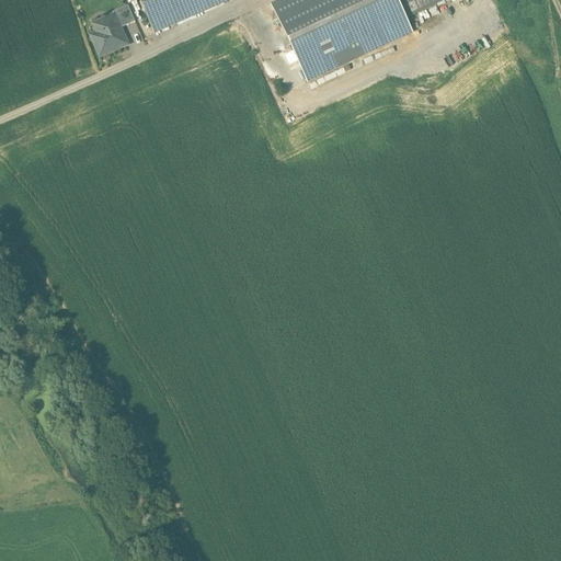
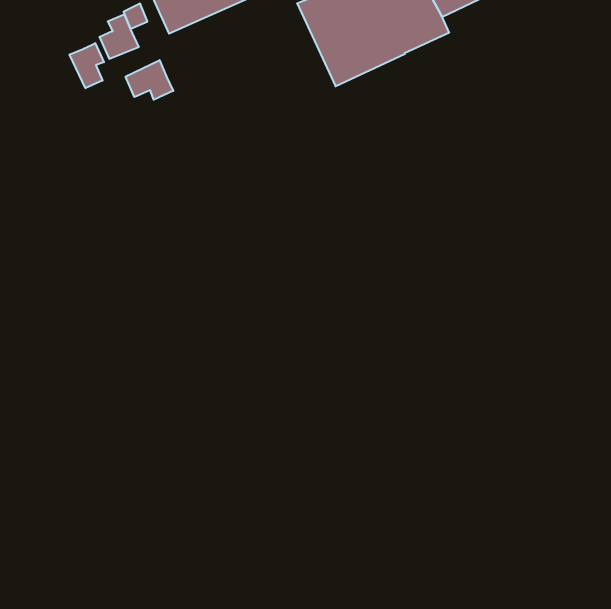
building: none -> [70,43,104,88]
building: none -> [126,60,173,100]

